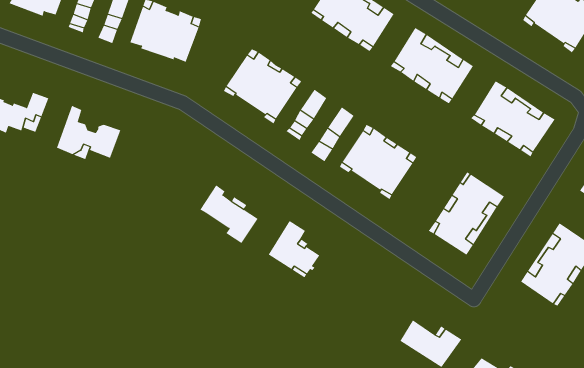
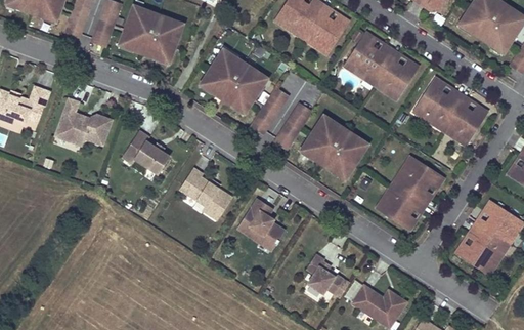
building: none -> [123,132,169,174]
building: none -> [306,255,343,294]

